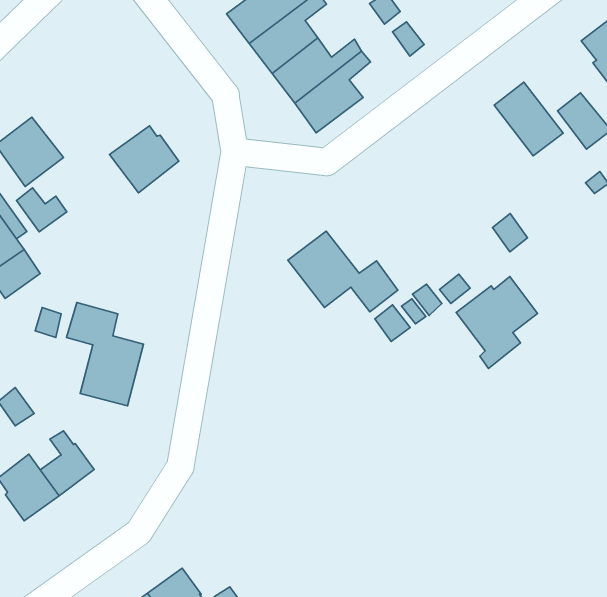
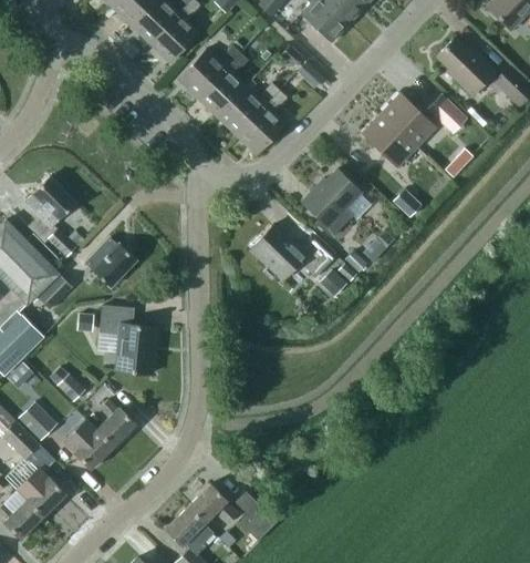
building: none -> [363,113,415,165]
building: [109,126,179,193] -> [85,237,136,287]
building: [456,277,537,368] -> [302,168,361,237]

